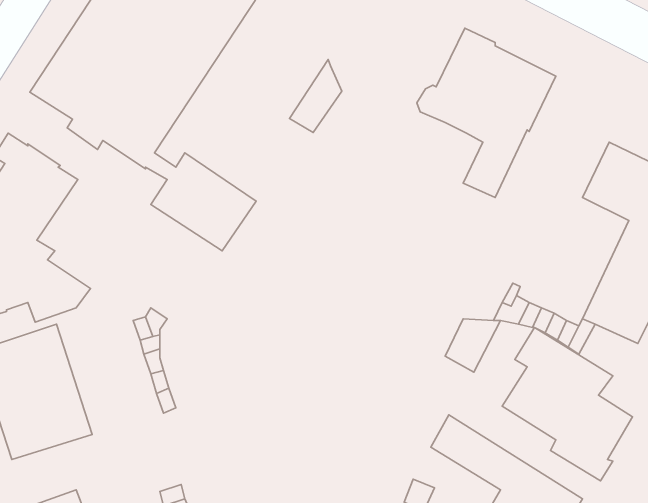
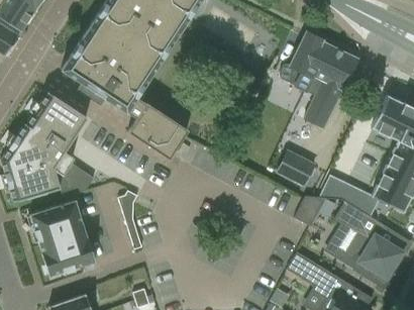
building: [289,60,342,132] -> none
building: none -> [279,151,315,184]

